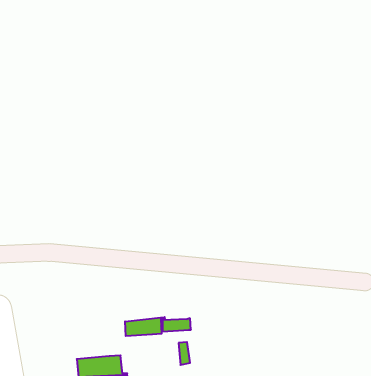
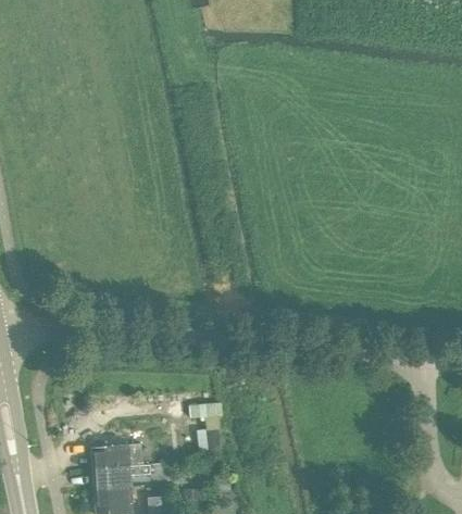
building: [125,317,165,336] -> none

